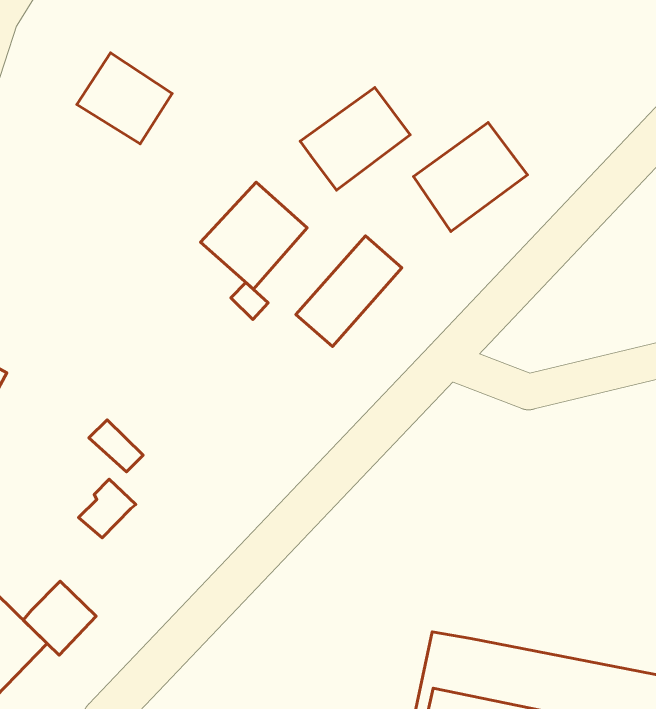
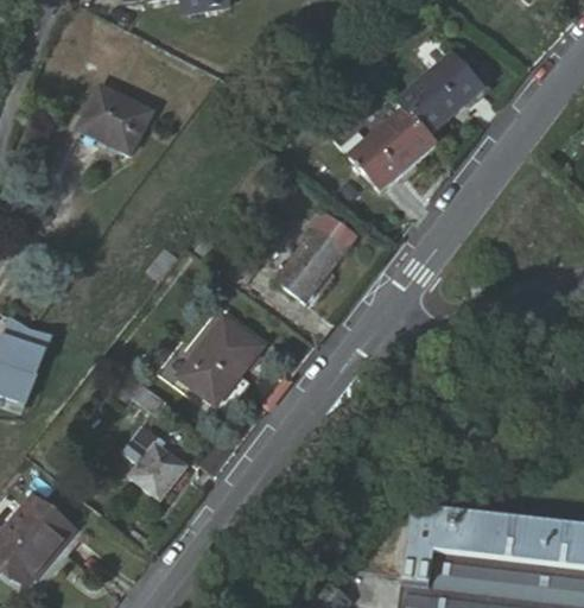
building: [300,87,410,190] -> [396,50,482,133]
building: [200,182,307,289] -> none
building: none -> [184,322,259,400]
building: [23,581,96,655] -> [128,436,185,494]

